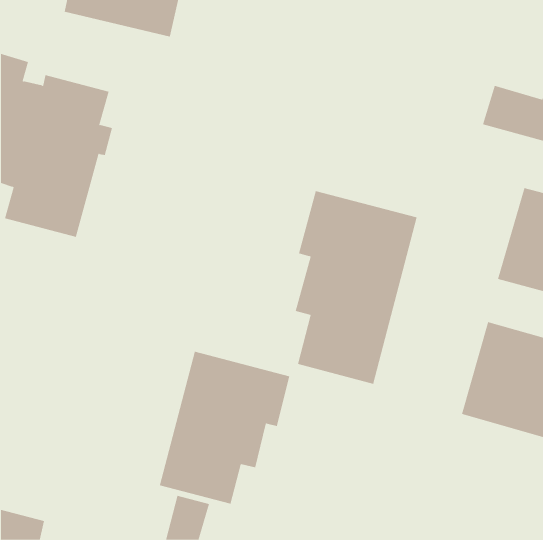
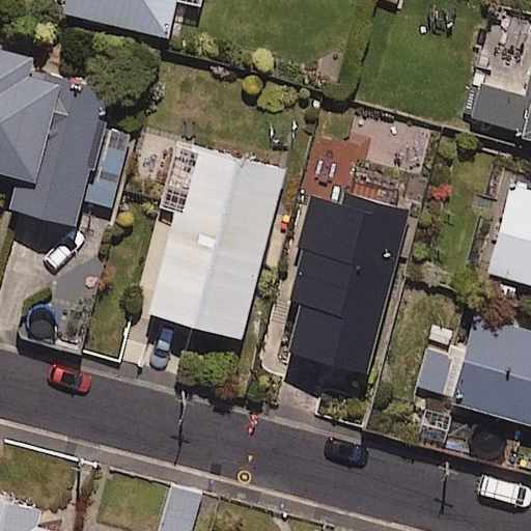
building: none -> [147,140,287,341]
building: [159,351,290,504] -> none

